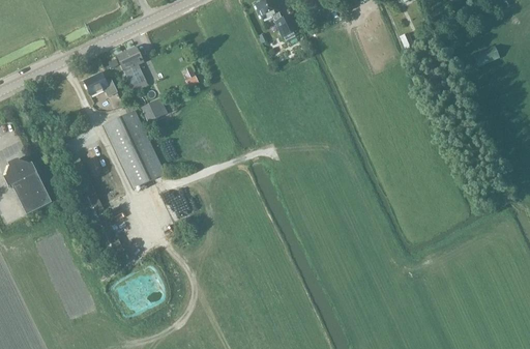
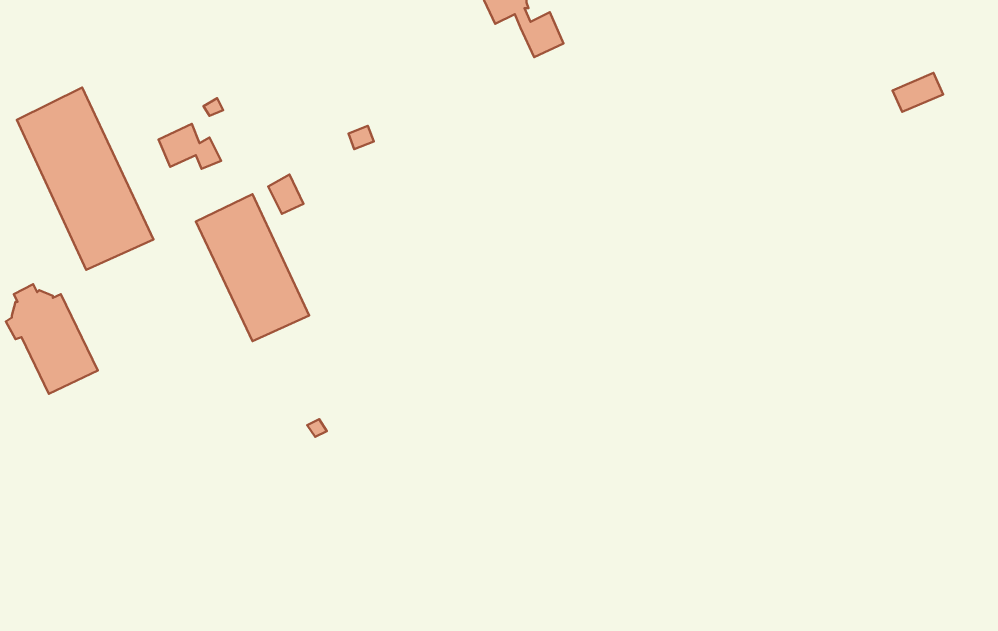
building: [116,47,145,87] -> none
building: none -> [17,88,154,270]

